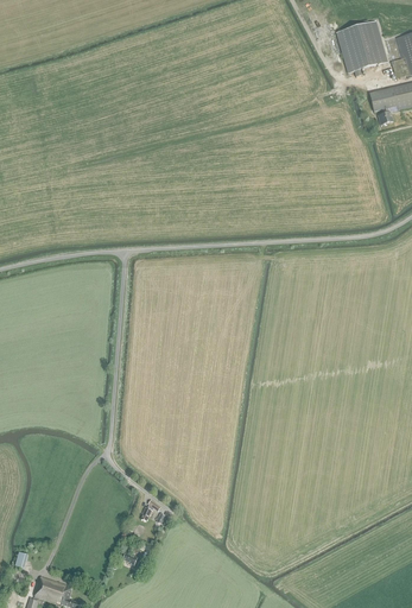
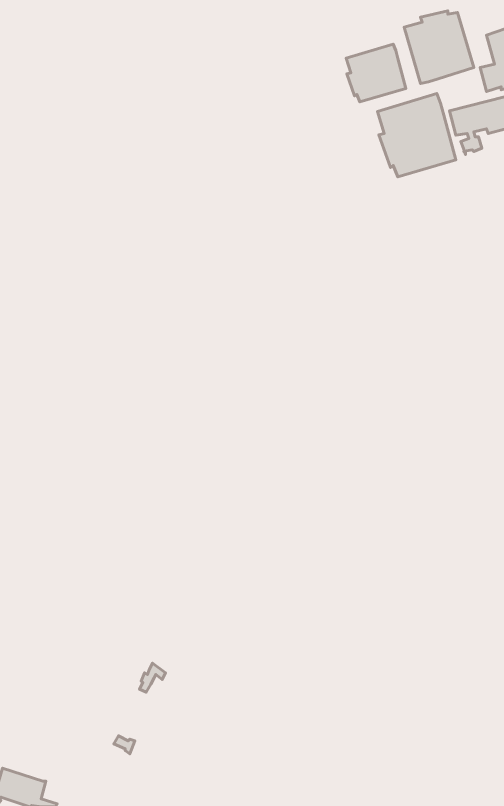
building: none -> [346,44,406,102]
building: none -> [377,94,456,177]

